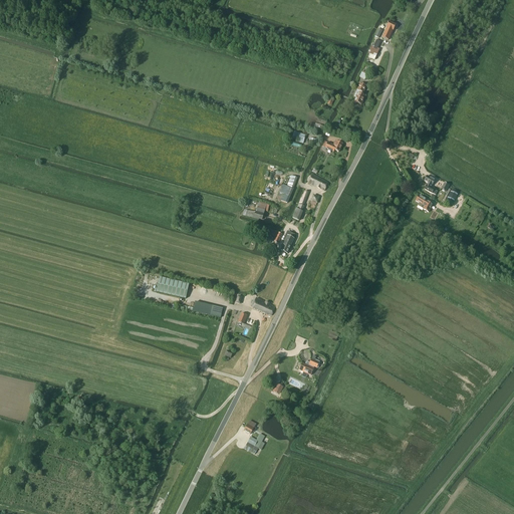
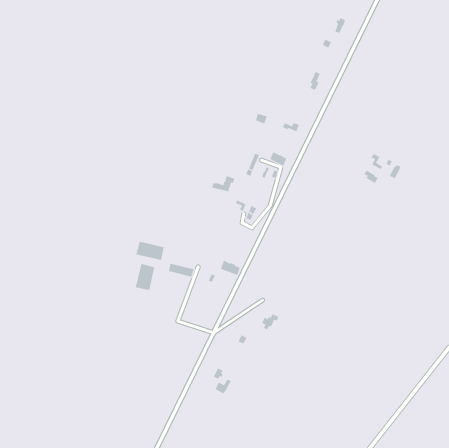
building: none -> [135,263,155,291]

